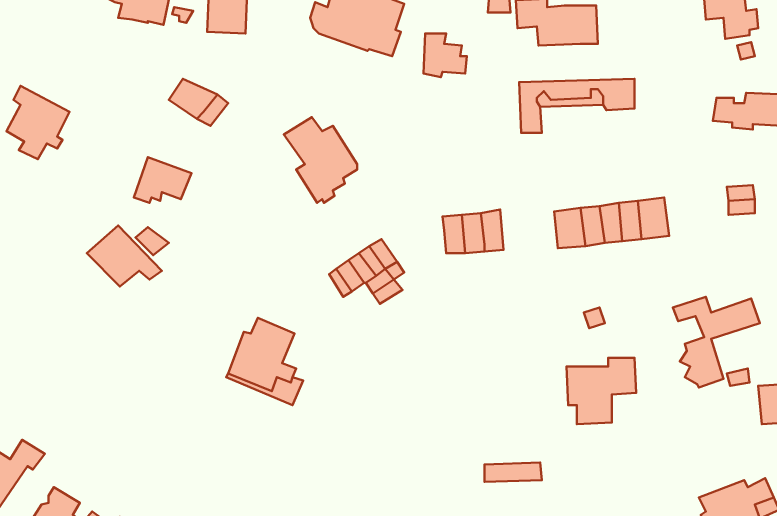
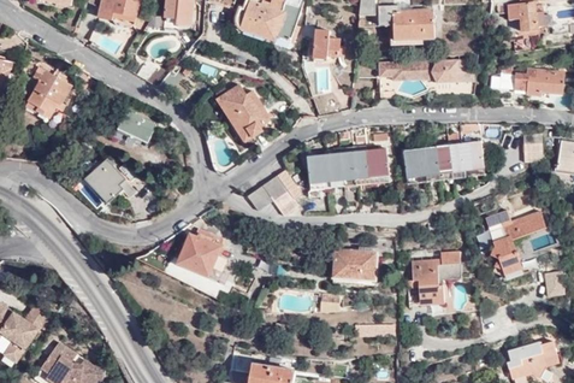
building: none -> [366,149,387,178]
building: none -> [307,155,329,183]
building: none -> [333,251,375,279]

